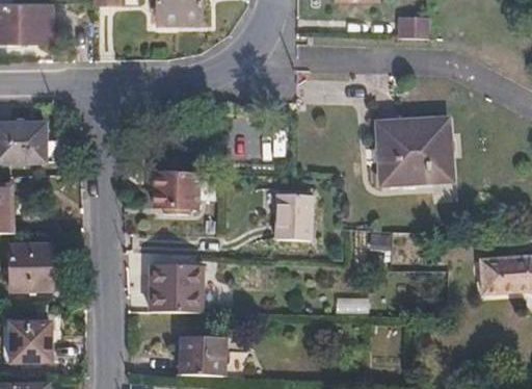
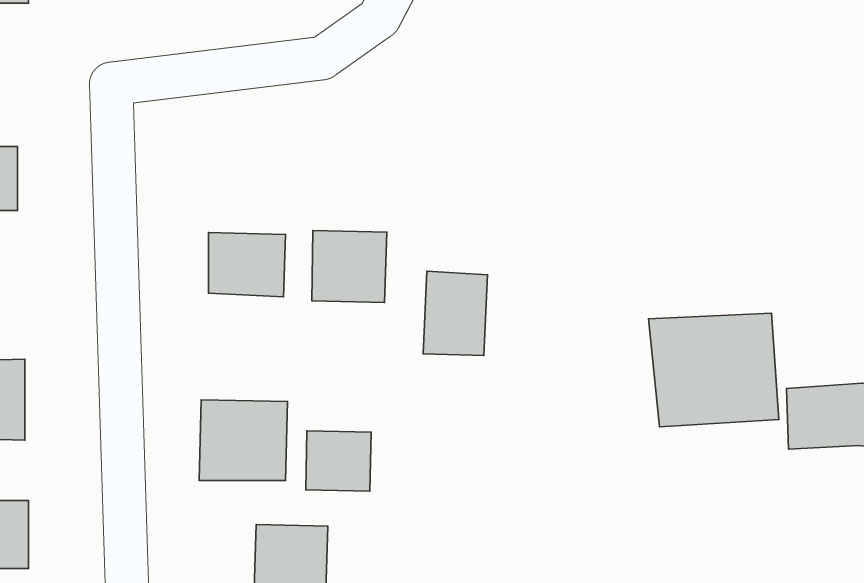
building: [377,120,451,184] -> [649,313,779,427]
building: none -> [312,230,387,302]
building: none -> [306,431,371,491]

